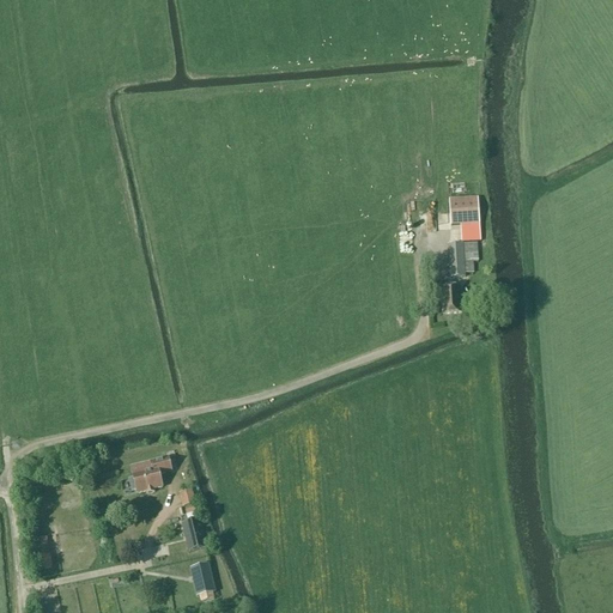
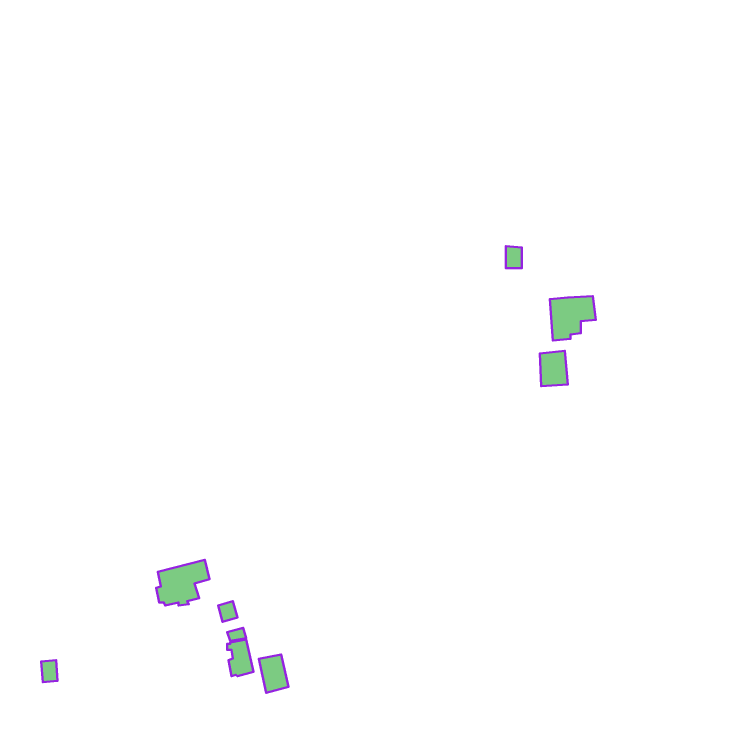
building: [448,194,478,220] -> none
building: [190,566,214,597] -> [259,654,288,693]

